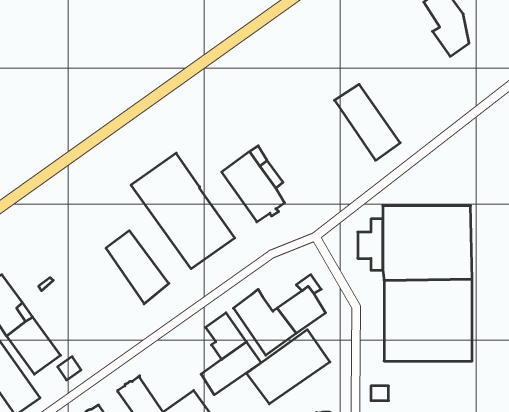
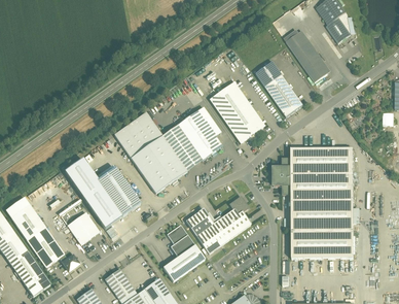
building: none -> [286,33,327,82]
building: none -> [211,83,262,141]
building: none -> [161,125,202,171]
building: none -> [64,158,122,230]
building: none -> [67,212,99,244]
building: [246,330,330,404] -> none

